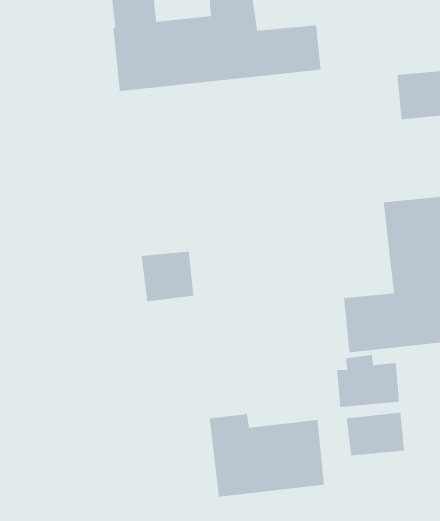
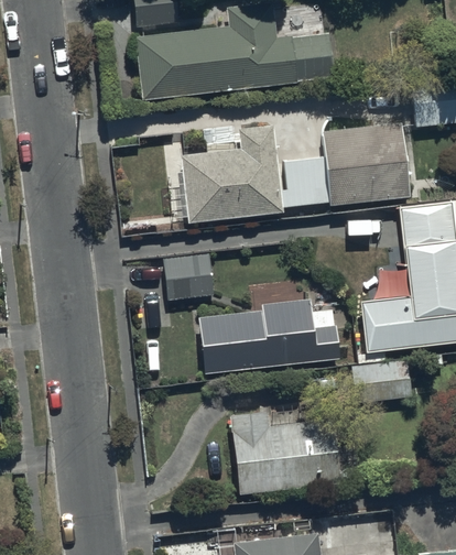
building: none -> [170,124,410,222]
building: none -> [197,302,341,374]
building: [346,412,405,456] -> none

